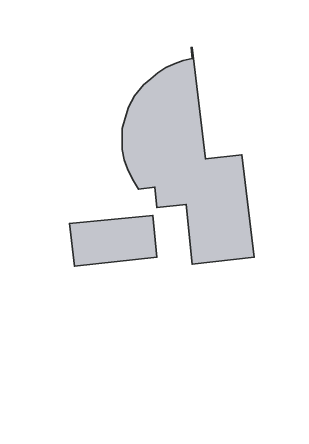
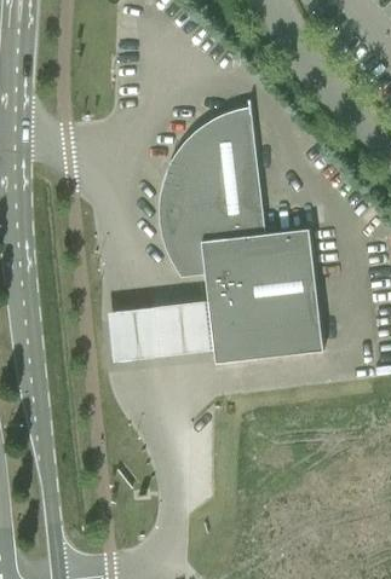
building: none -> [206,288,248,364]

